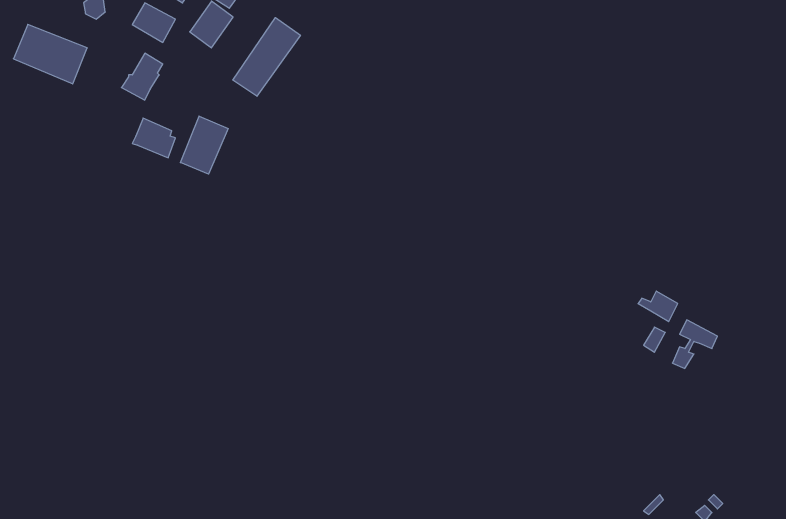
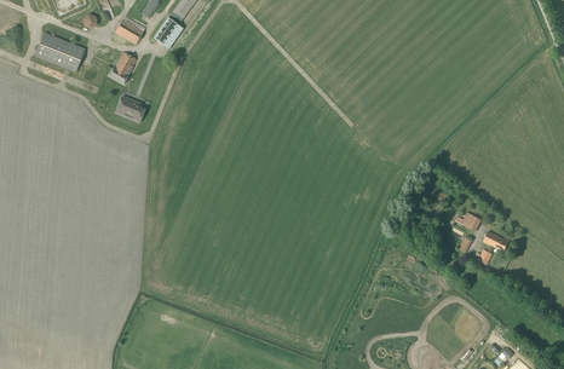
building: [233,18,300,96] -> none
building: [180,116,228,174] -> none

